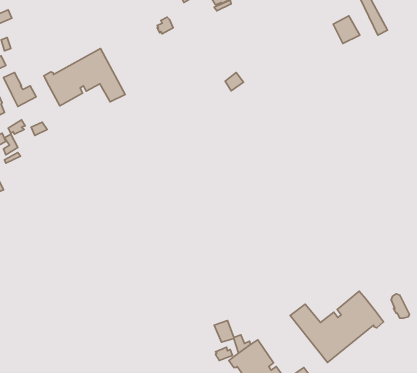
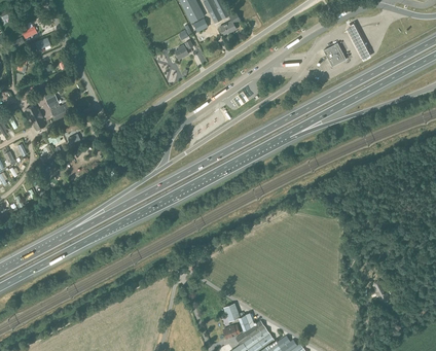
building: [44,49,125,106] -> none
building: [290,291,384,362] -> none

